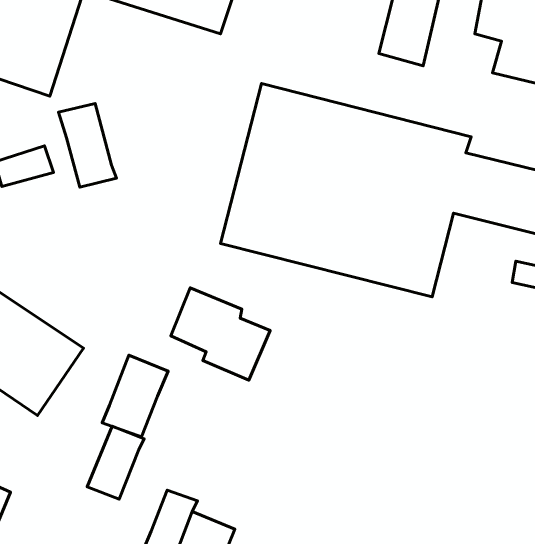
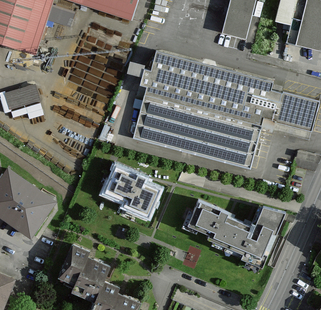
building: [59,103,116,187] -> none
building: none -> [187,200,285,267]
building: [102,355,168,437] -> [71,256,108,302]

